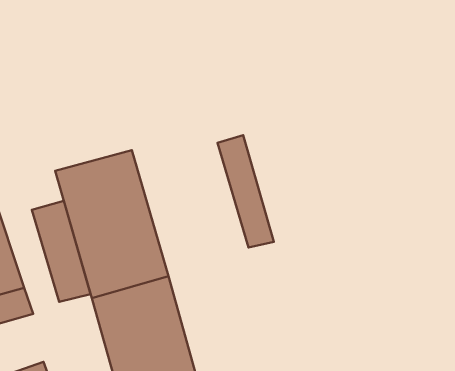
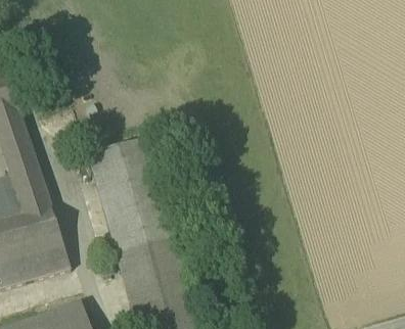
building: [218,135,274,247] -> none
building: [32,201,90,302] -> none

